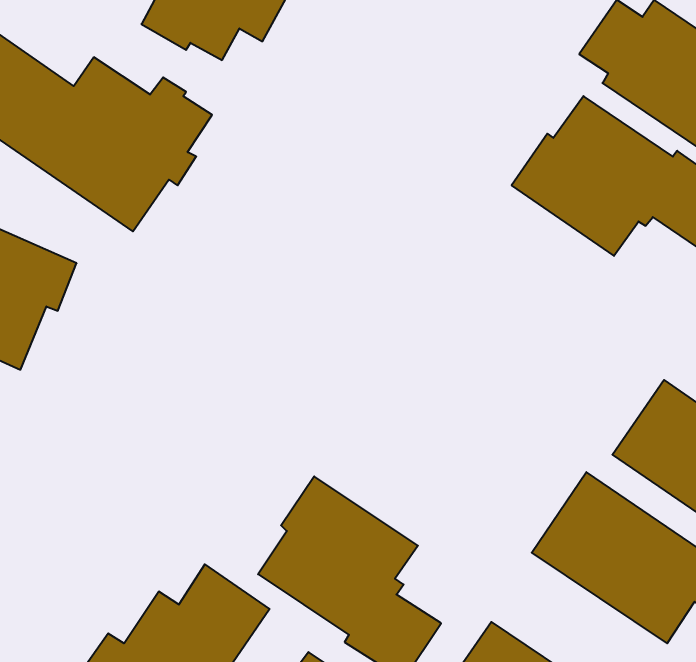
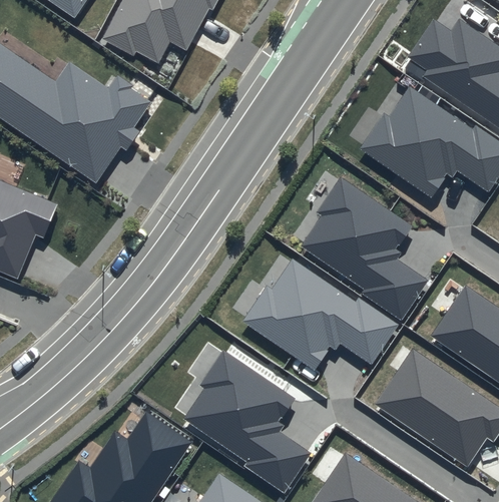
building: none -> [300,178,430,321]
building: none -> [242,260,398,370]

